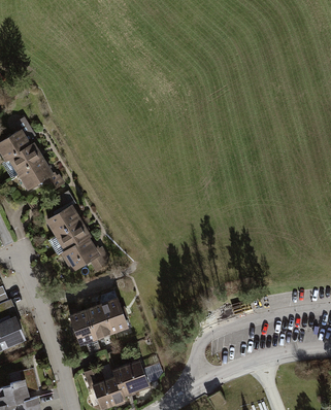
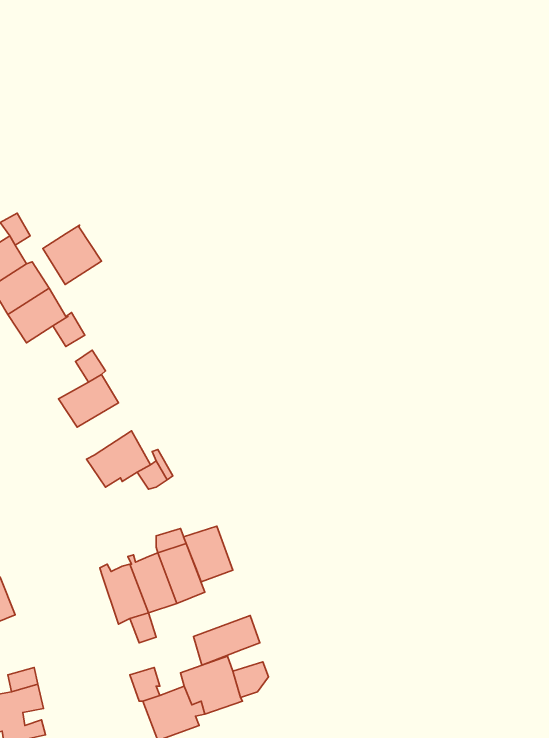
building: none -> [43,225,102,284]
building: [57,223,89,251] -> none
building: none -> [184,526,233,582]
building: none -> [194,616,260,665]

